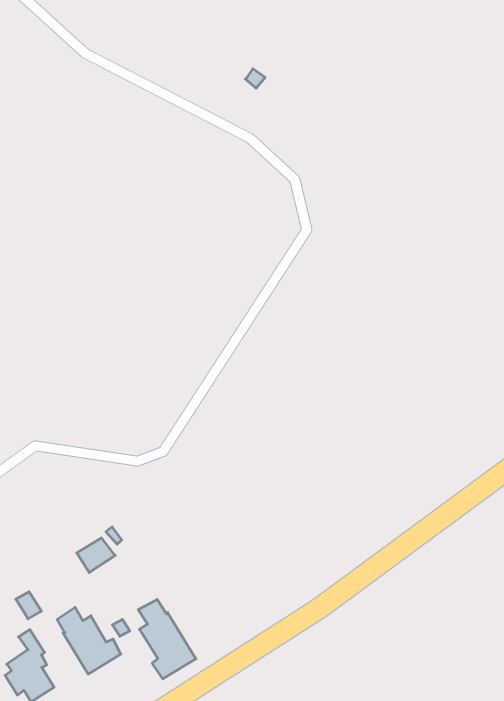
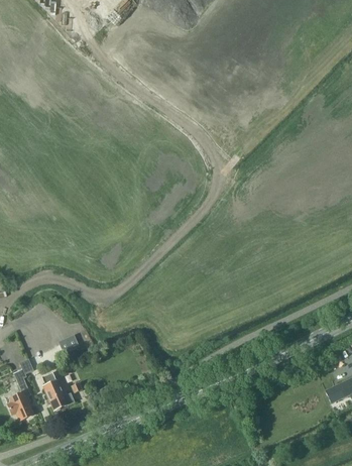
building: [138,599,196,679] -> none

